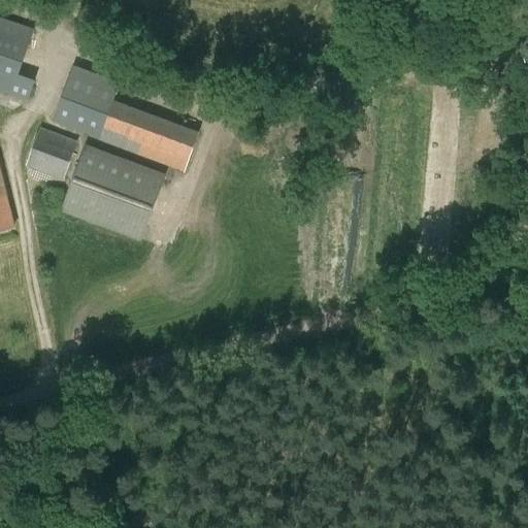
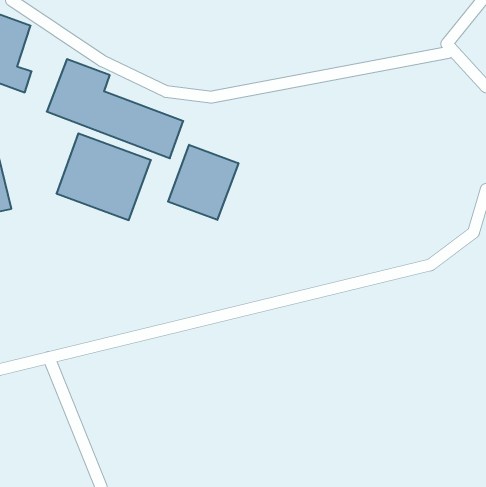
building: [24,126,77,179] -> none
building: none -> [168,145,238,220]

